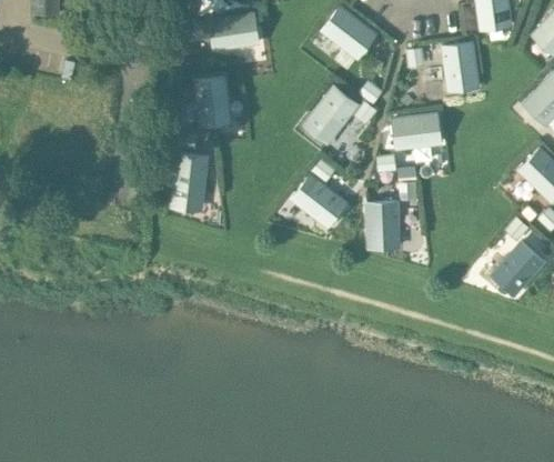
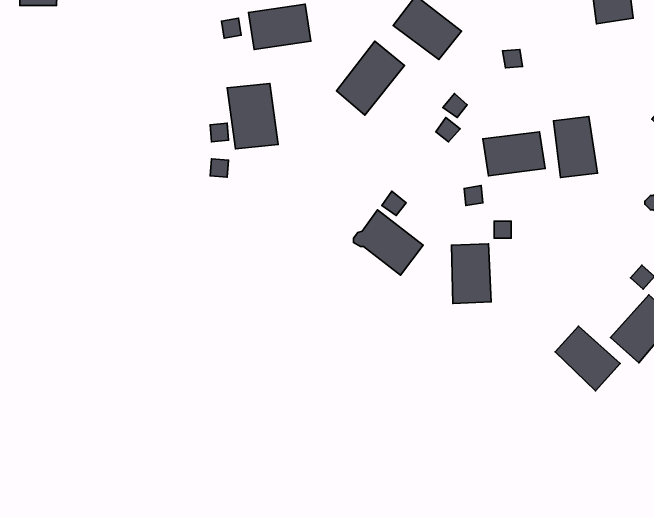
building: [443,43,477,91] -> [553,116,597,177]
building: [304,87,357,144] -> [336,41,405,115]
building: [172,154,207,211] -> none
building: none -> [555,326,620,391]

